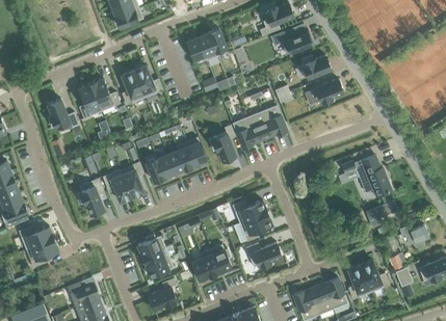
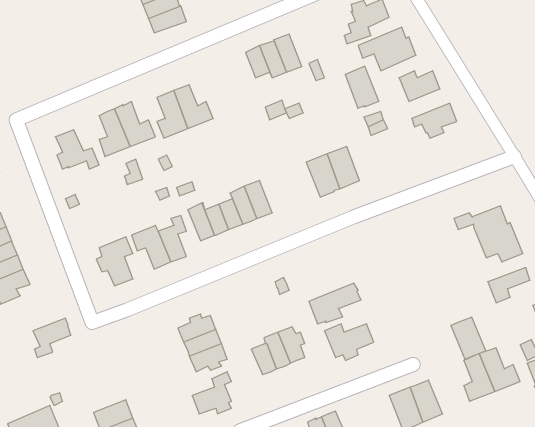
building: [262,105,287,136] -> [345,66,379,108]
building: [209,125,236,161] -> none
building: [232,199,267,223] -> none
building: [19,225,54,249] -> none
building: [322,277,348,309] -> [451,317,486,359]
building: [68,282,99,307] -> none

